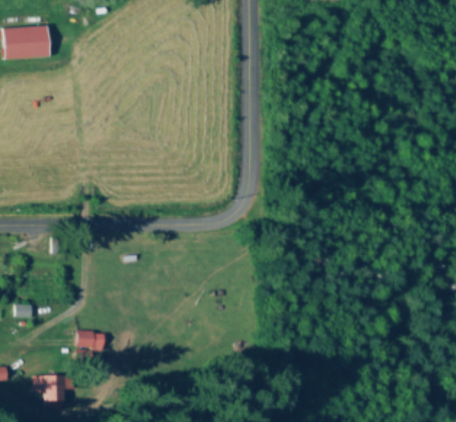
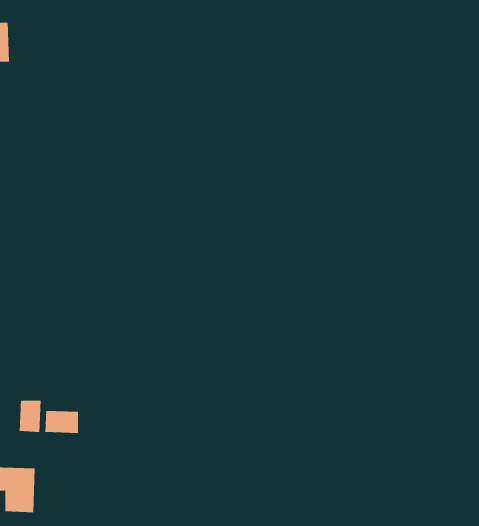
building: none -> [19,400,41,433]

